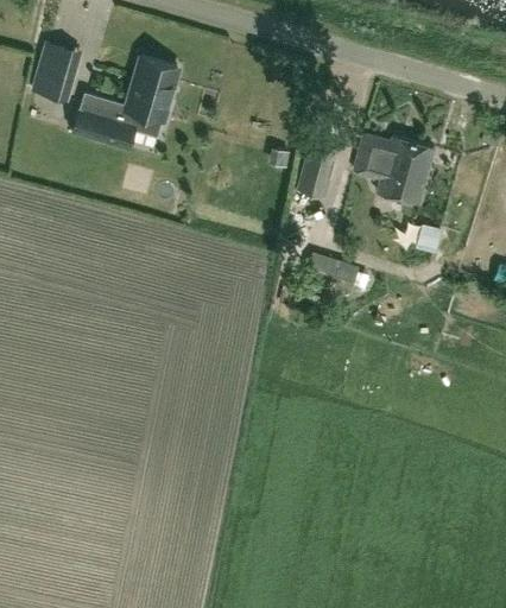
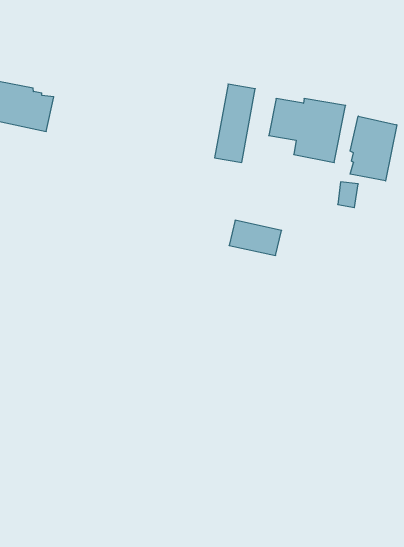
building: [127,57,178,120] -> none
building: none -> [350,116,397,181]

